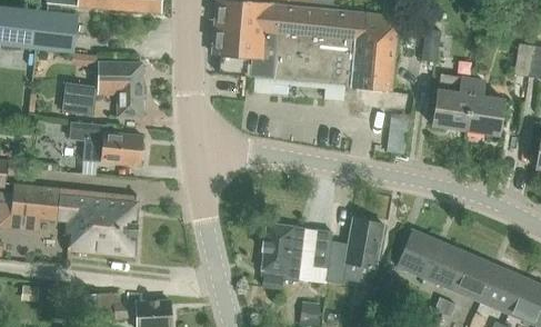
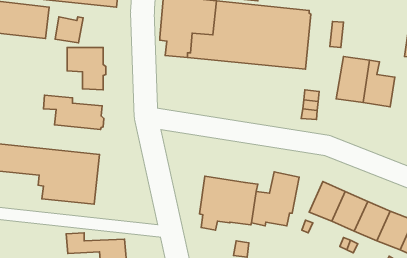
building: [62,82,97,115] -> [55,17,83,43]

